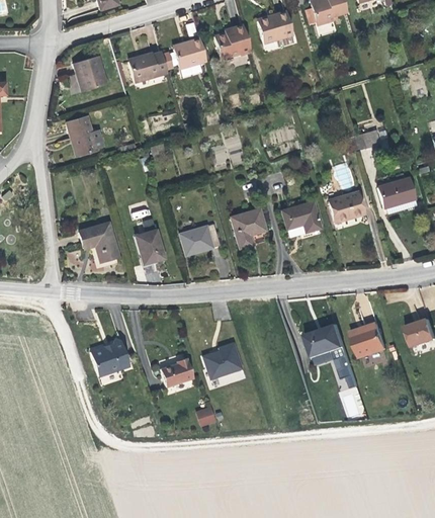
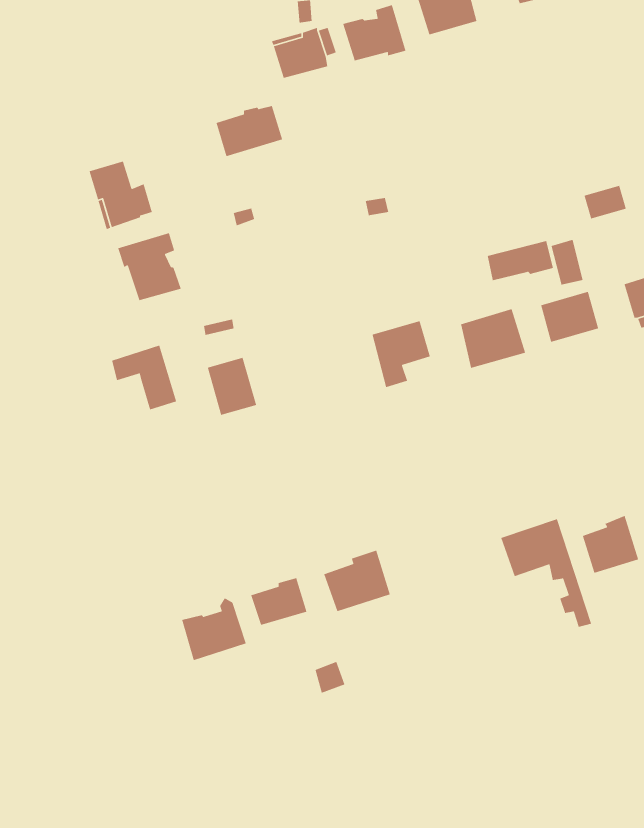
building: [127,52,167,82] -> [215,105,283,157]
building: [73,55,106,91] -> none
building: none -> [117,232,182,301]
building: none -> [487,240,554,281]
building: [180,224,220,255] -> none
building: [90,338,128,375] -> [181,597,247,661]

